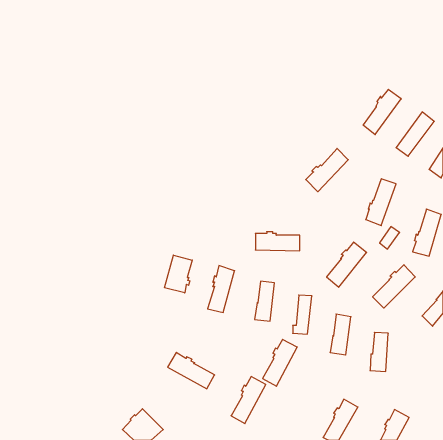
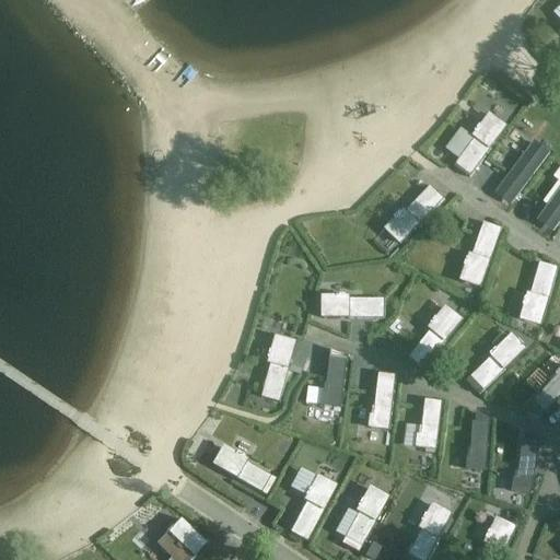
building: [165,255,192,293] -> none
building: [263,339,297,386] -> [343,486,387,545]
building: none -> [512,442,539,492]

